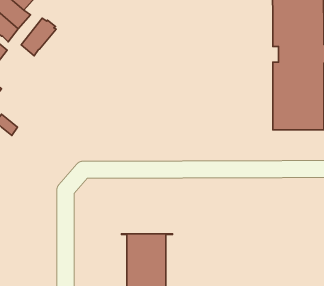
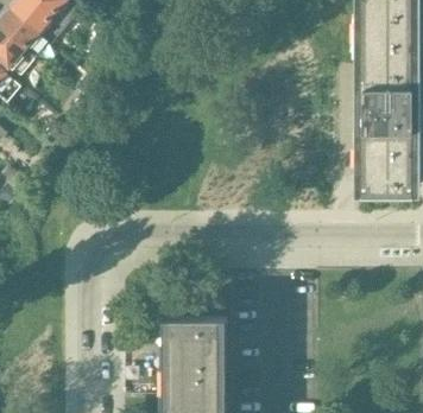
building: [21,18,56,56] -> none

